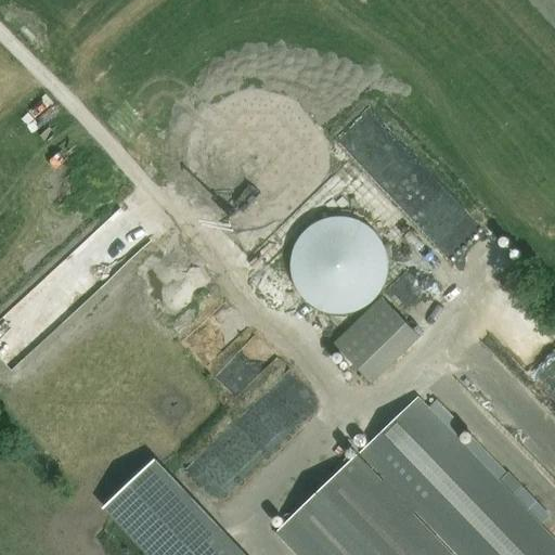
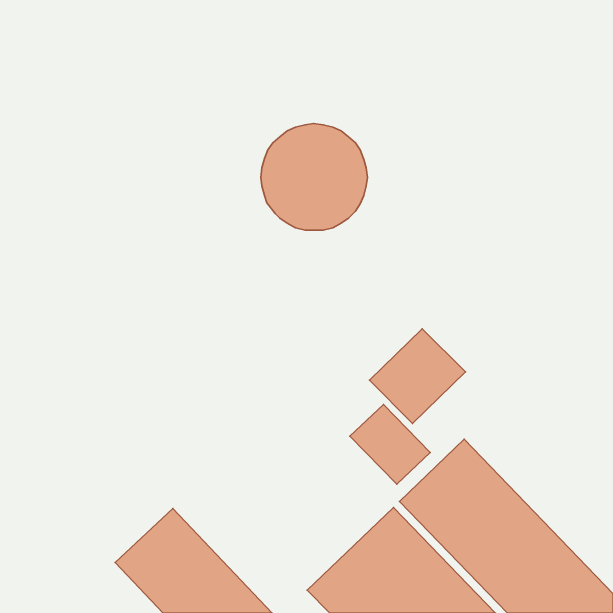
building: [289,219,386,315] -> [261,124,368,230]
building: none -> [350,404,430,484]

